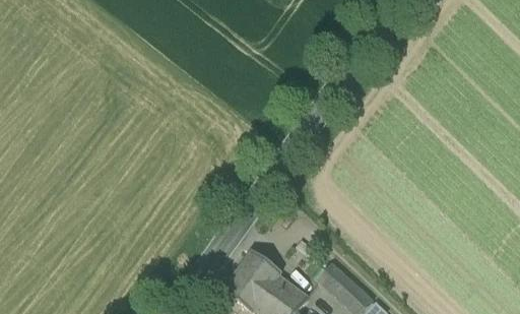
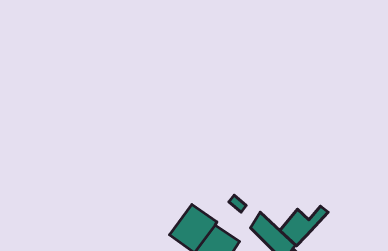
building: none -> [280,206,328,246]

